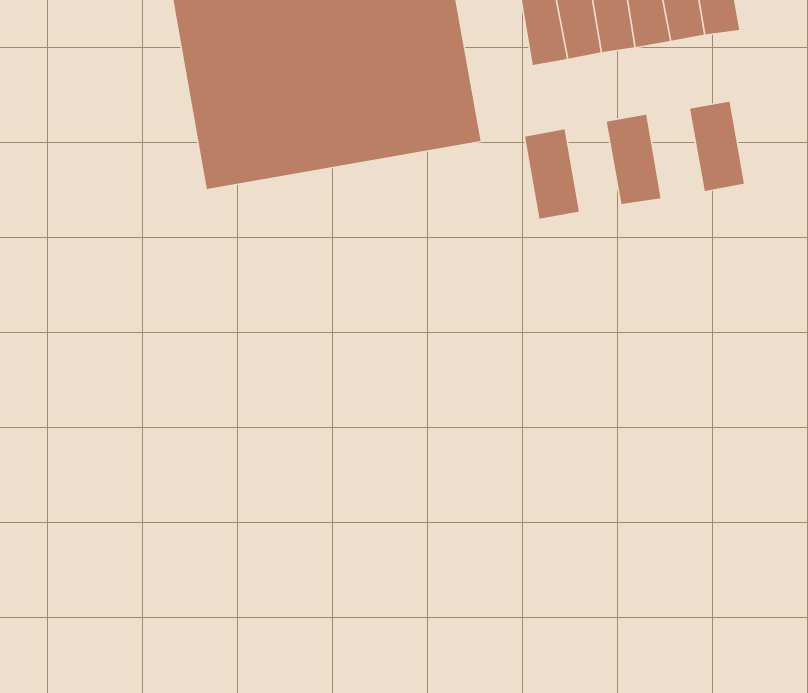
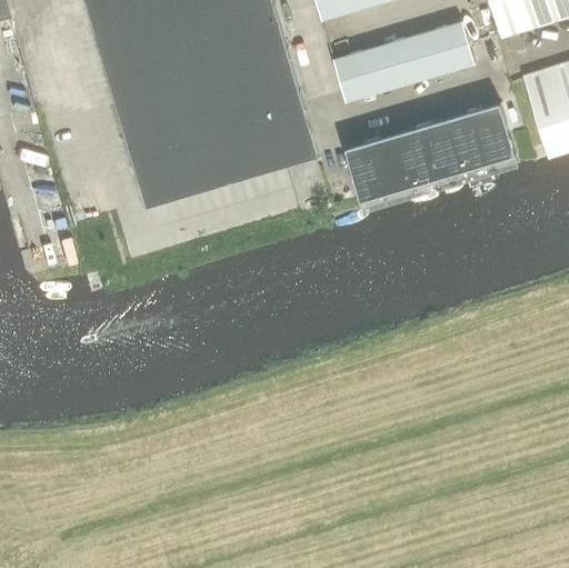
building: none -> [473,102,515,162]
building: none -> [421,118,463,178]
building: none -> [370,132,411,192]

